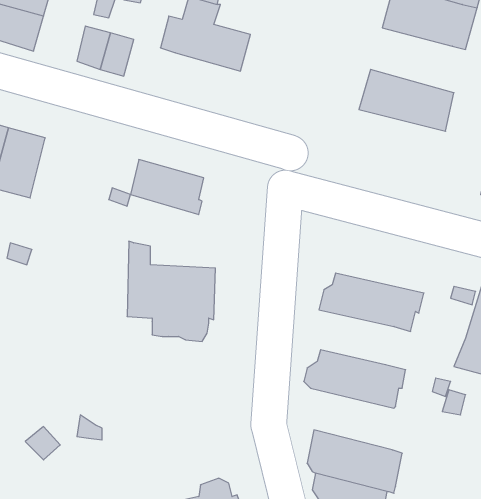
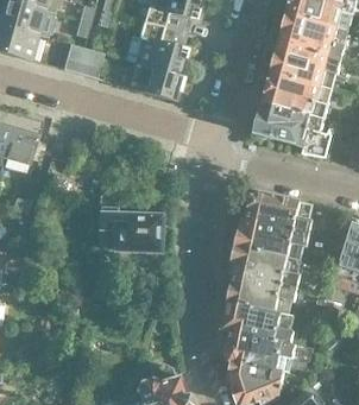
building: none -> [273,44,342,90]
building: none -> [257,102,334,158]
building: [130,160,204,215] -> [128,62,181,101]
building: none -> [246,191,314,233]
building: none -> [234,245,306,287]
building: none -> [225,300,296,344]

